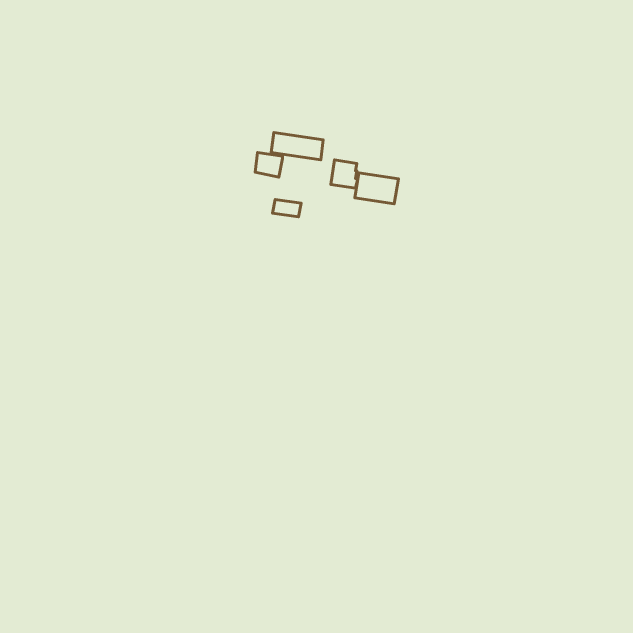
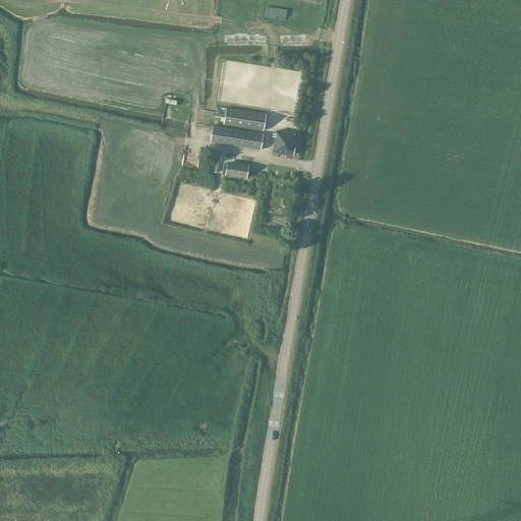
building: none -> [229,130,263,151]
building: [355,173,398,204] -> none

